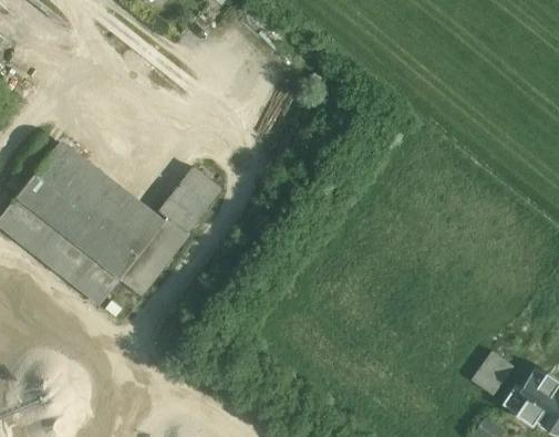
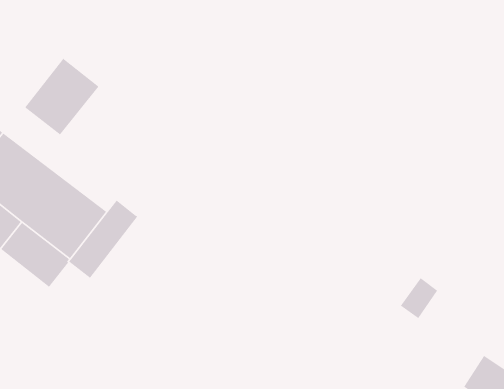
building: none -> [24,57,99,135]
building: [161,167,220,230] -> none
building: [475,352,514,394] -> [400,277,438,319]

